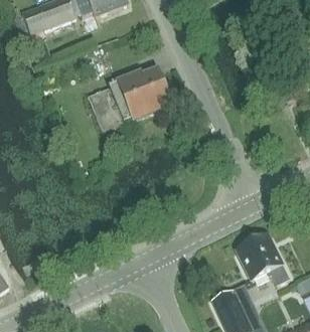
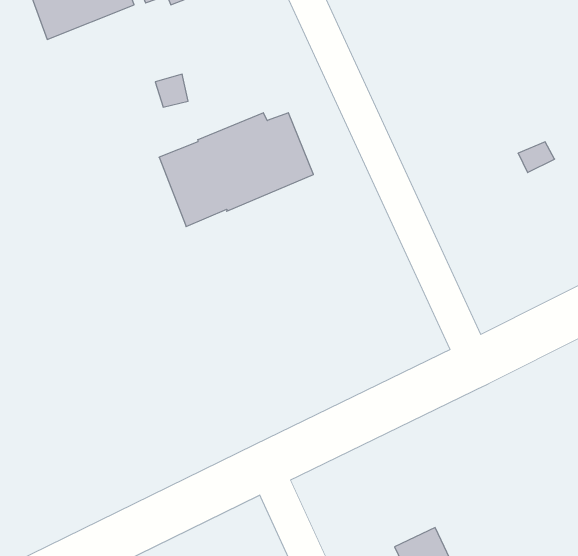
building: [240,235,290,285] -> none

